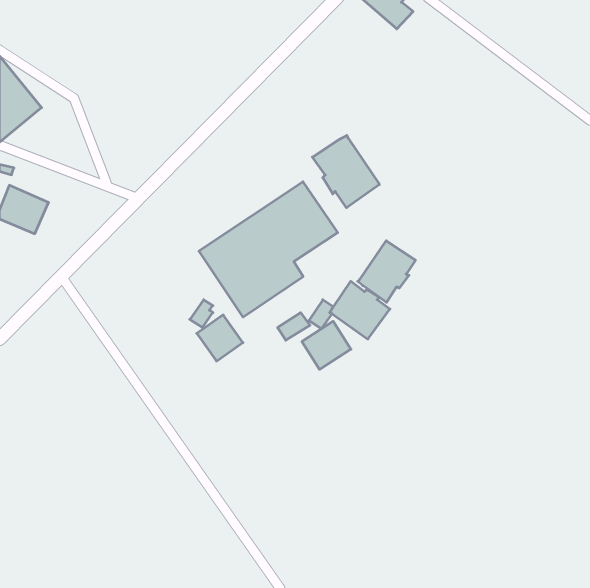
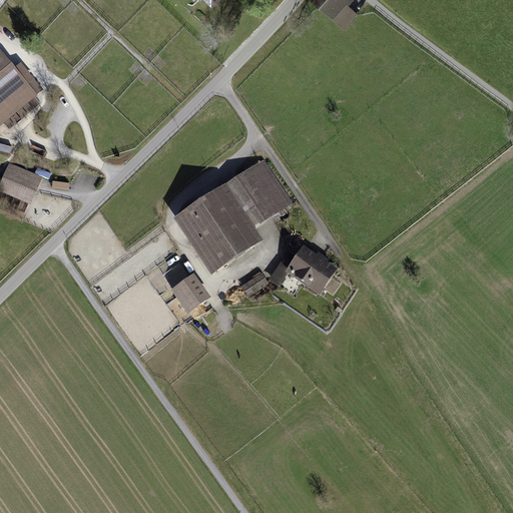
building: [312,135,379,208] -> none
building: [358,241,415,302] -> none
building: [302,321,351,369] -> none

